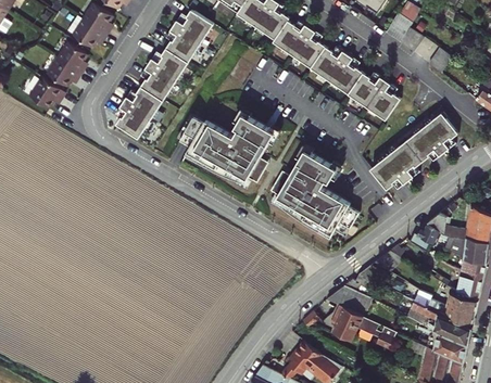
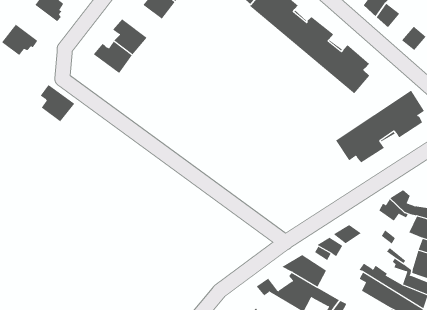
building: [146,49,186,81] -> none
building: [47,58,81,88] -> none
building: [112,102,148,139] -> [40,84,75,122]
building: [179,112,275,182] -> none
building: [269,149,357,237] -> none

